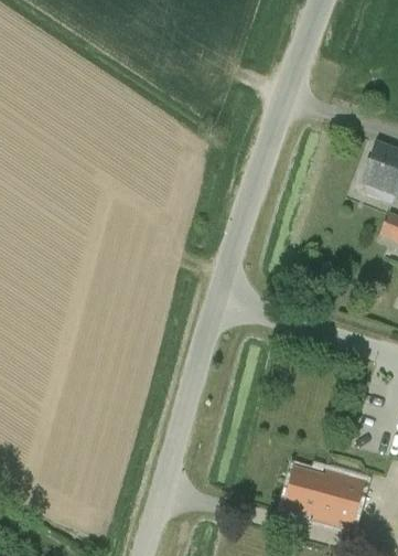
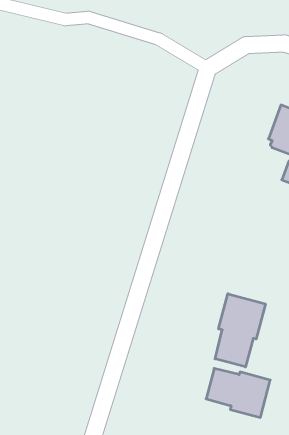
building: none -> [215,294,265,367]

